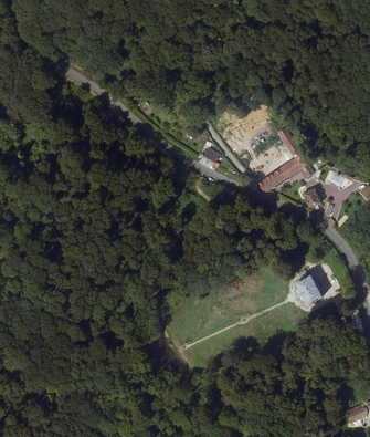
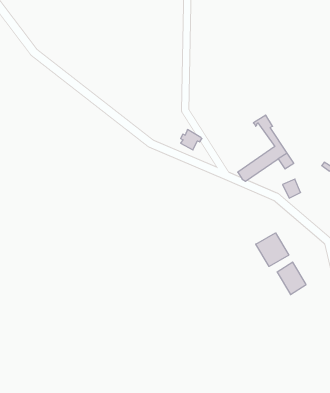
building: none -> [256,233,289,266]

